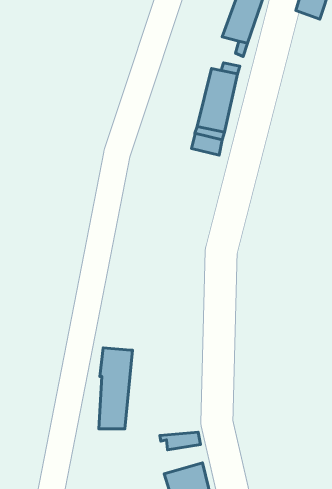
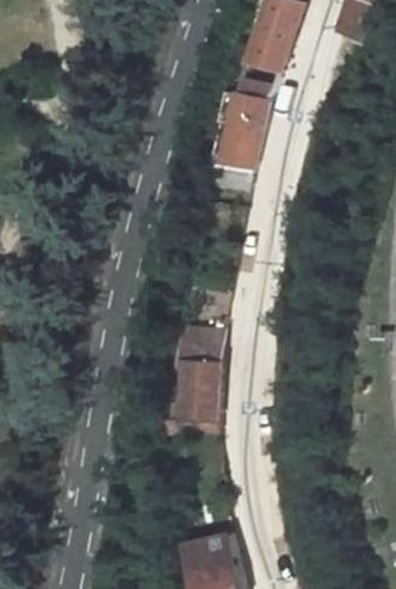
building: [99,348,133,429] -> [183,327,220,417]

